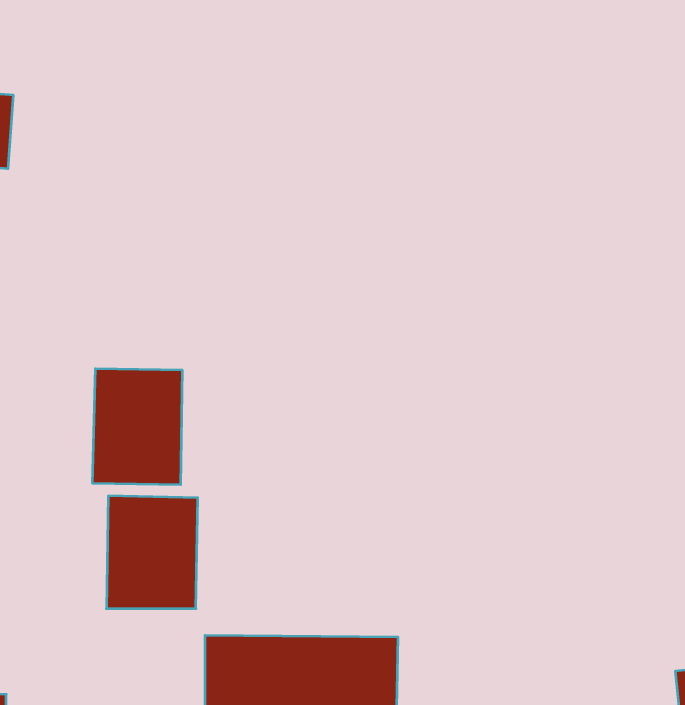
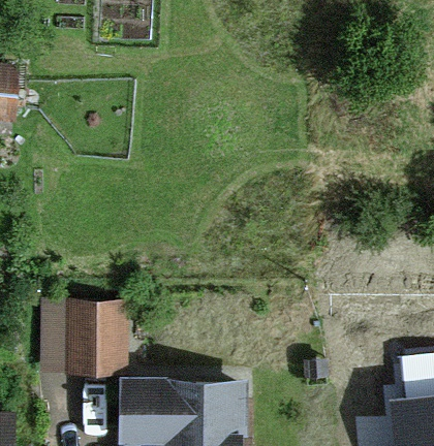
building: [93,369,182,485] -> none

